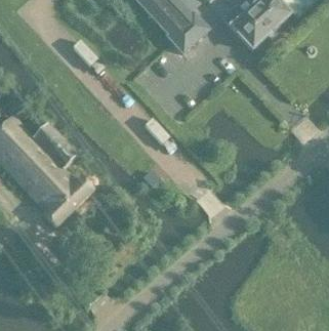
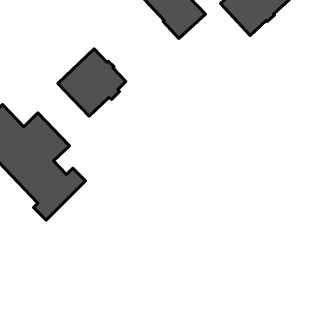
building: none -> [58,49,126,116]

